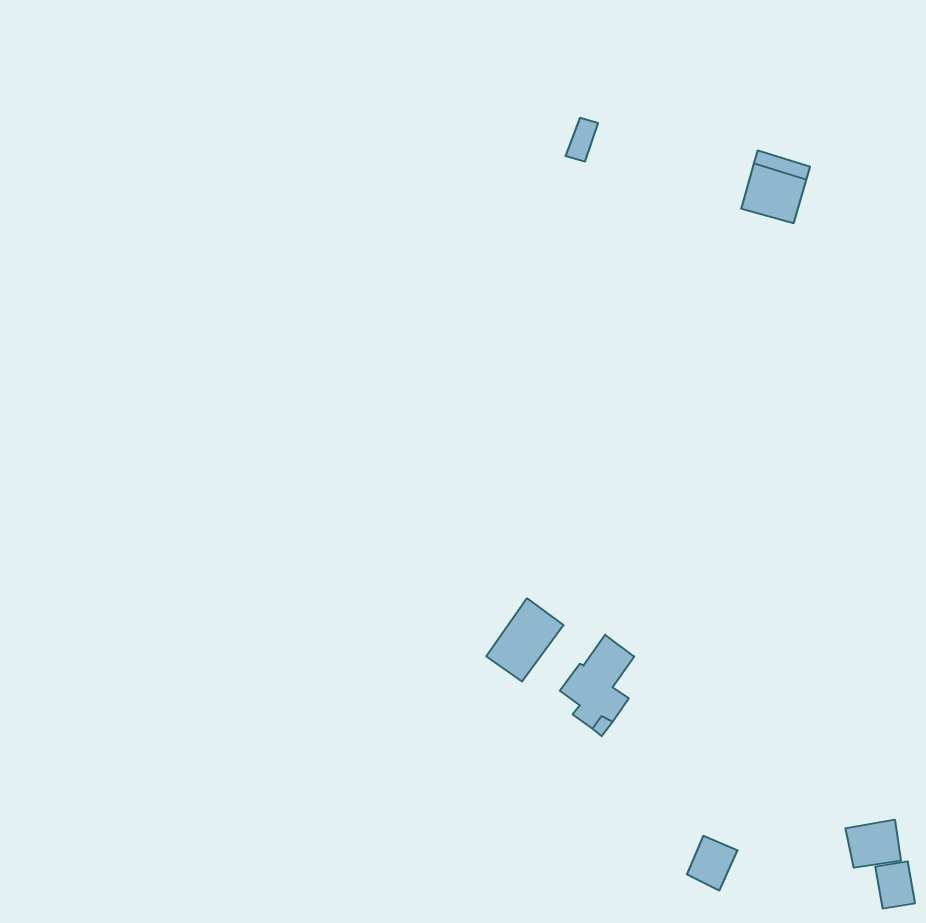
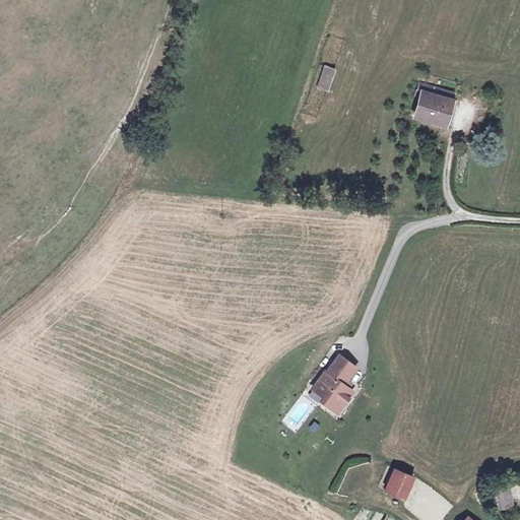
building: [486,598,564,682] -> none
building: [845,820,901,868] -> none

